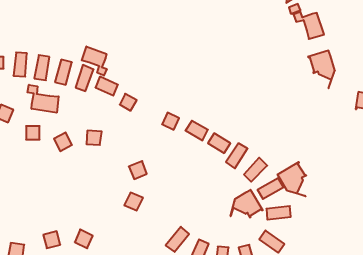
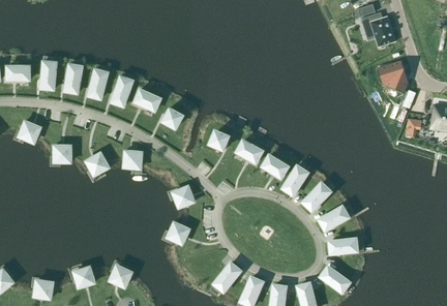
building: [82,46,107,76] -> none
building: [27,85,59,113] -> none
building: [278,162,306,196] -> none
building: [231,190,263,218] -> none

